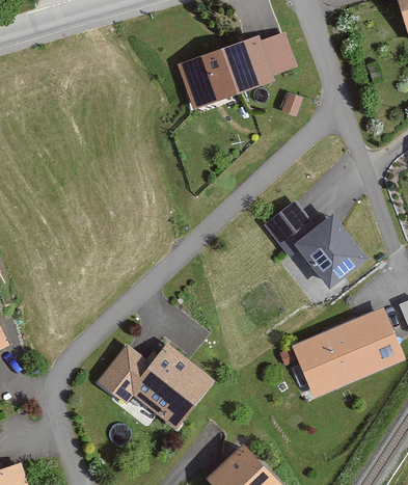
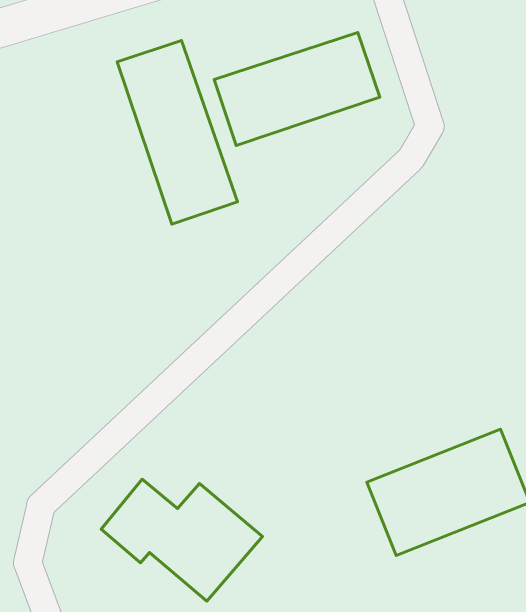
building: none -> [117,41,237,224]
building: [261,197,371,290] -> none

